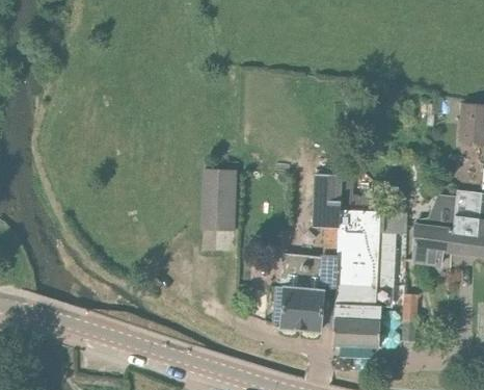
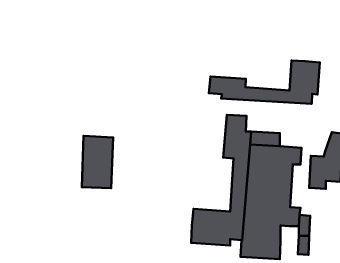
building: none -> [209,61,320,104]
building: [199,168,237,231] -> [82,136,113,188]

